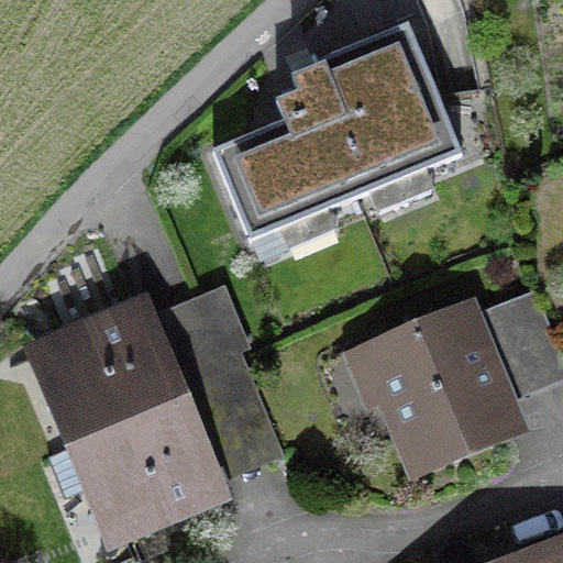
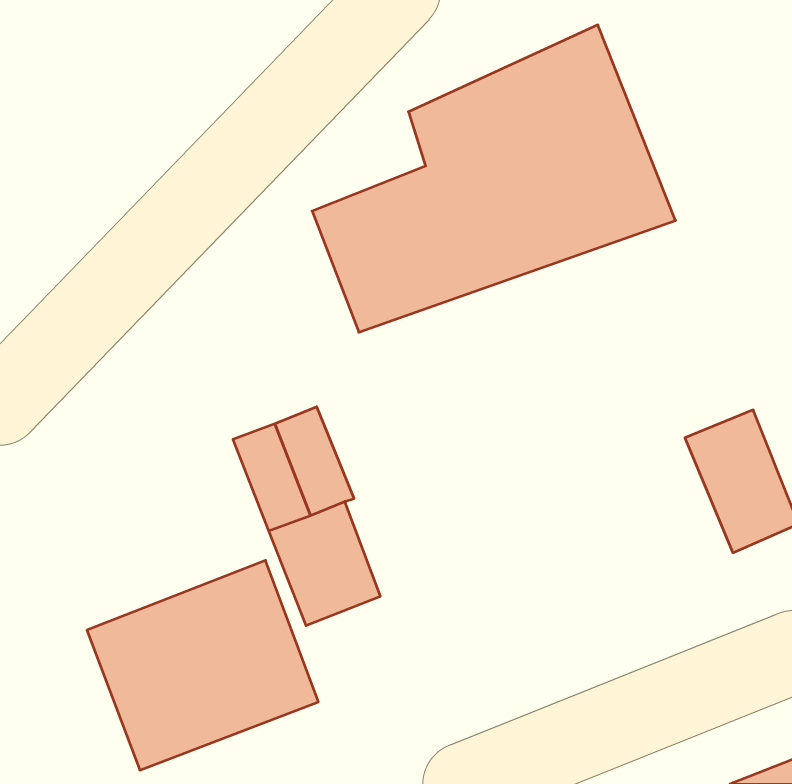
building: [22,294,189,446] -> none
building: [350,300,526,475] -> none

